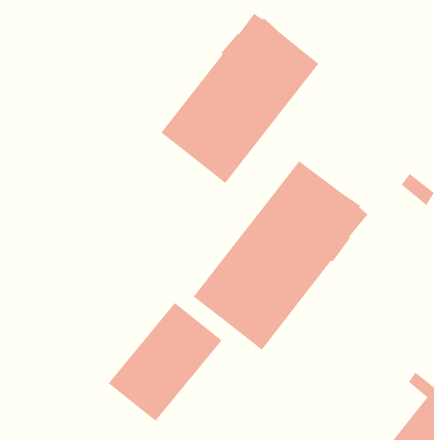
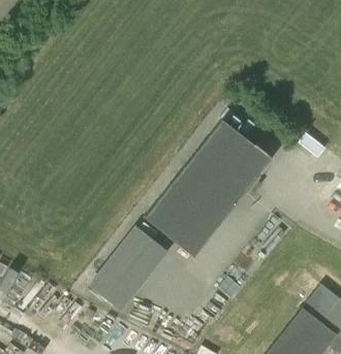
building: [160,13,319,184] -> none

